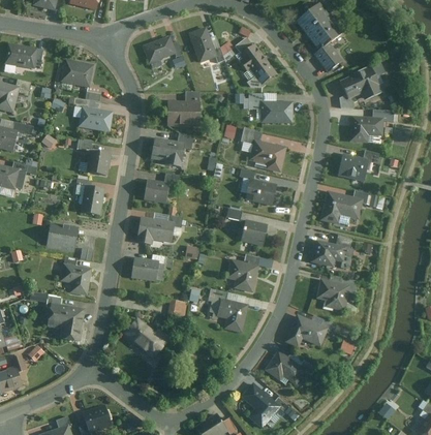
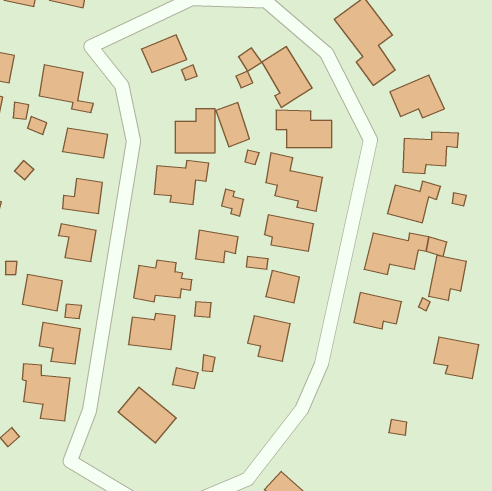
building: [189,26,216,61] -> [216,103,249,147]
building: [144,178,178,204] -> [195,230,238,263]
building: none -> [429,255,466,301]
building: [315,277,351,310] -> [434,337,479,379]
building: [217,298,249,333] -> none
building: [283,311,331,346] -> none
building: [265,349,316,384] -> none

